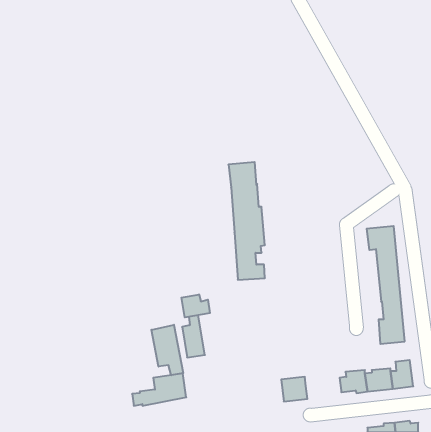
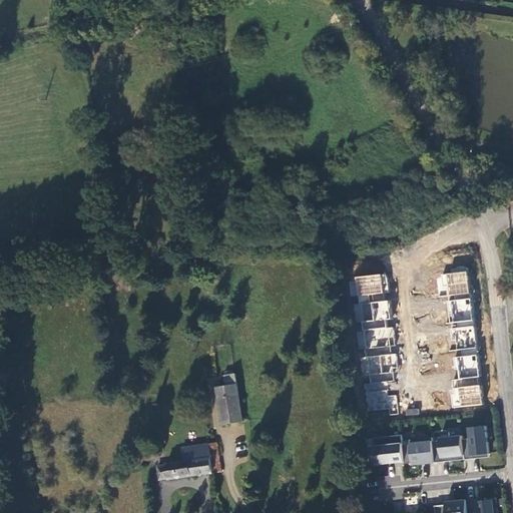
building: [228,162,265,280] -> [353,273,396,412]
building: [181,294,210,317] -> none
building: [151,325,183,375] -> none
building: [281,377,307,401] -> [373,436,404,465]

